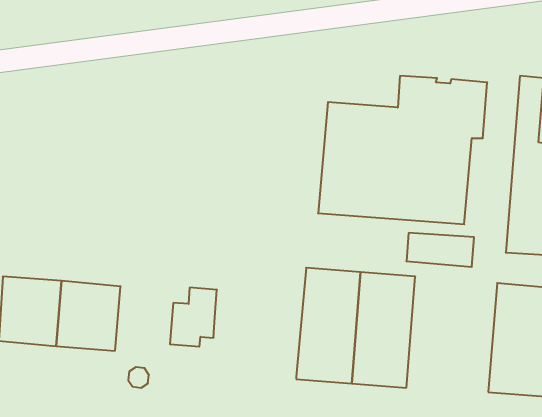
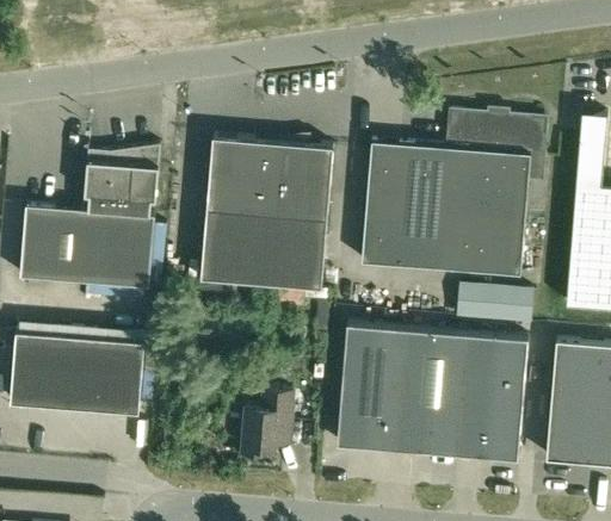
building: none -> [200,136,333,291]
building: none -> [20,148,160,290]
building: none -> [457,334,527,460]
building: [170,288,217,347] -> [241,393,292,458]

